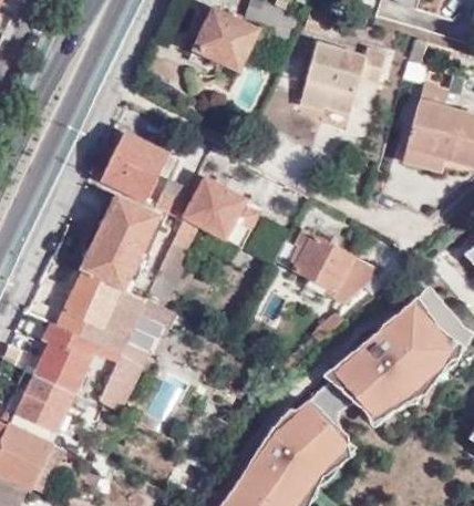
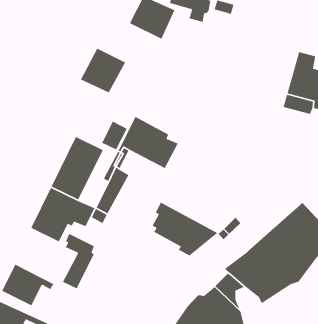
building: [300,41,387,112] -> none
building: [102,134,165,197] -> [80,48,126,94]
building: [289,226,381,301] -> [152,201,219,256]
building: [32,324,94,393] -> none

